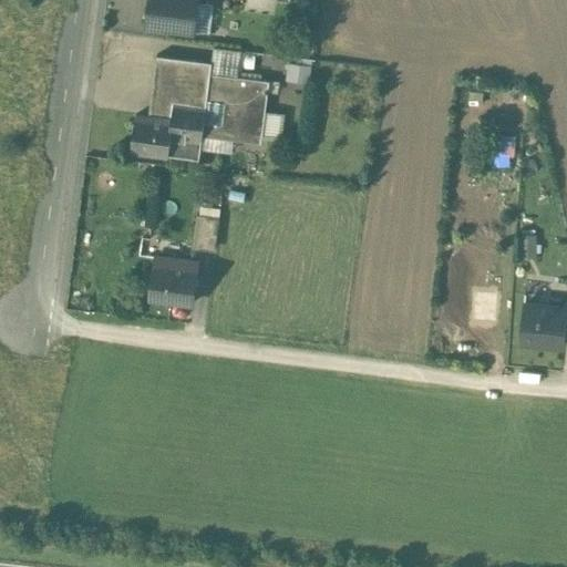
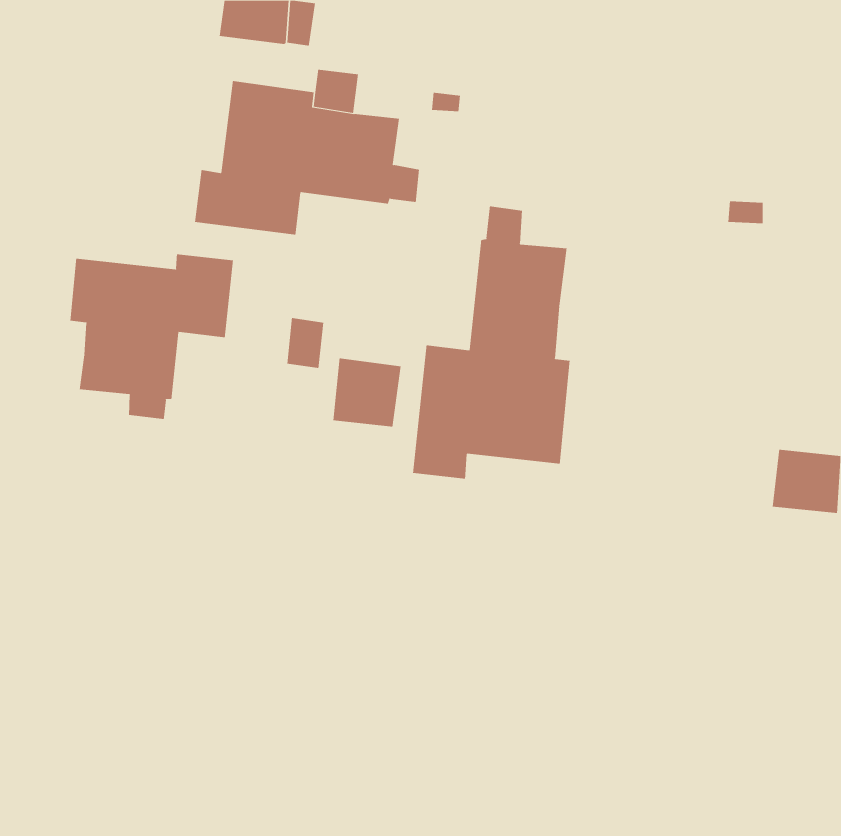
building: none -> [412,205,570,479]
building: none -> [70,254,233,420]
building: [151,259,197,306] -> [332,358,402,427]

